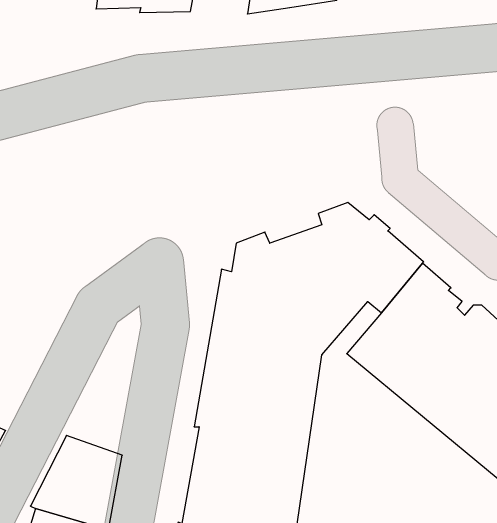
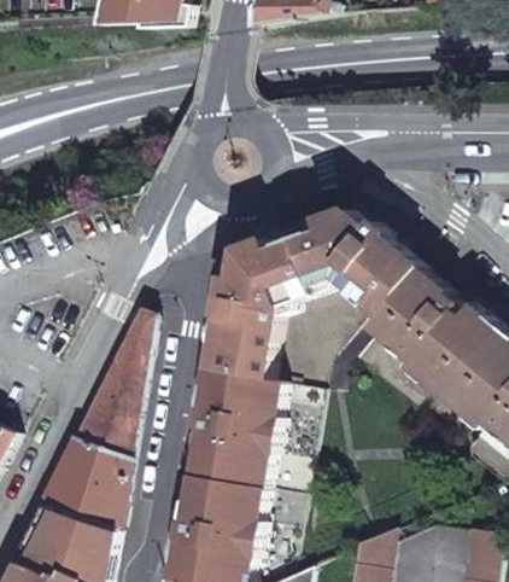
building: none -> [75,309,153,454]

